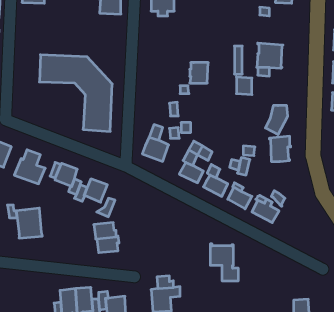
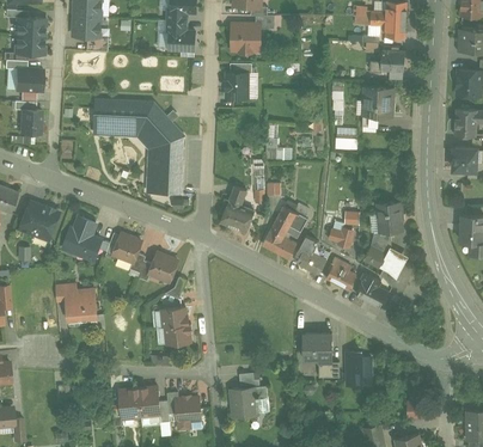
building: none -> [369,49,404,72]
building: [190,63,208,83] -> [225,72,247,97]
building: [265,106,288,135] -> [363,231,391,267]
building: none -> [346,351,371,385]

